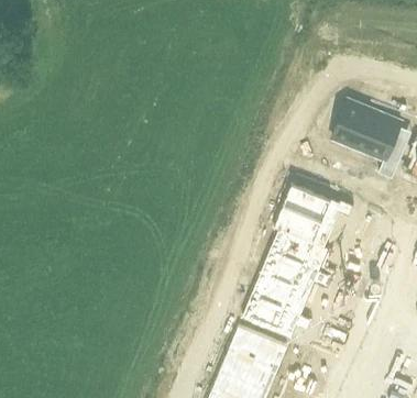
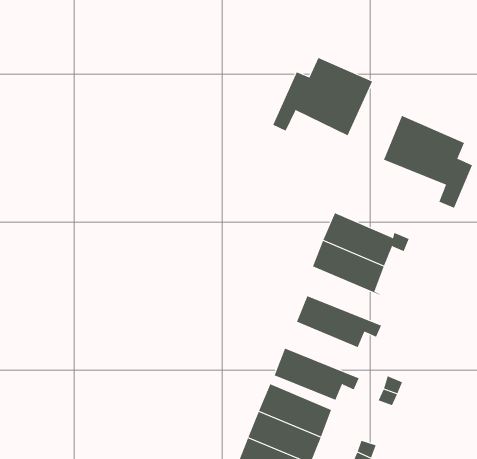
building: none -> [272,57,373,136]
building: [268,225,331,275] -> none
building: [250,272,312,319] -> none

